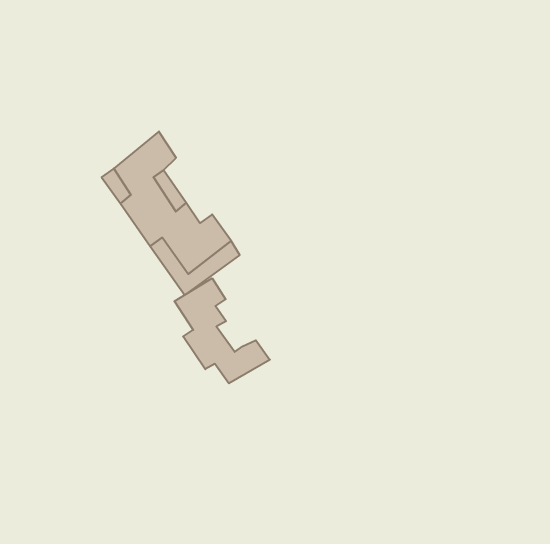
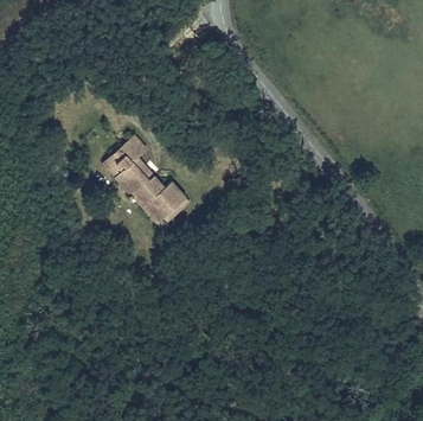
building: [174,278,270,383] -> none

